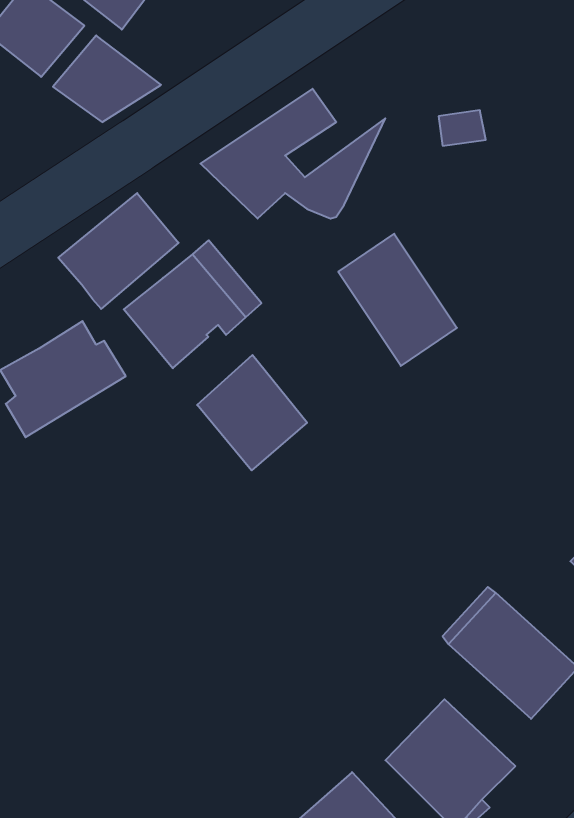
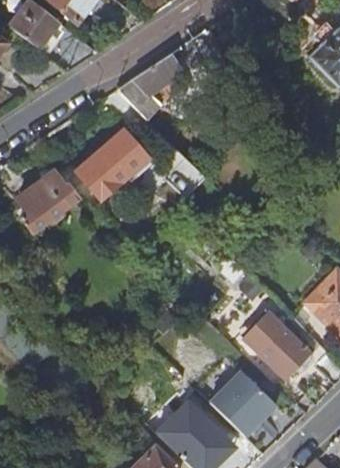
building: [58,193,179,309] -> none
building: [338,234,457,366] -> none
building: [197,355,307,470] -> none

